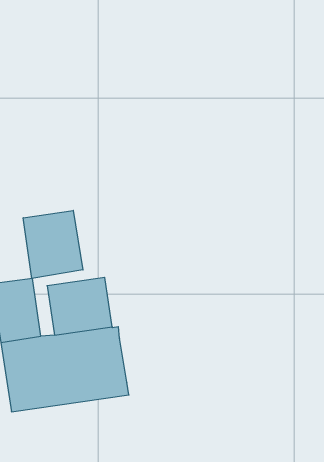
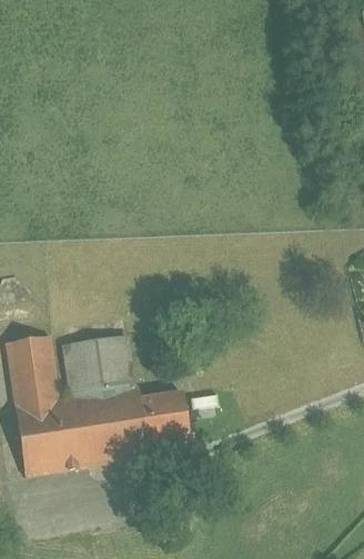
building: [23,210,83,279] -> none
building: none -> [141,392,190,444]

